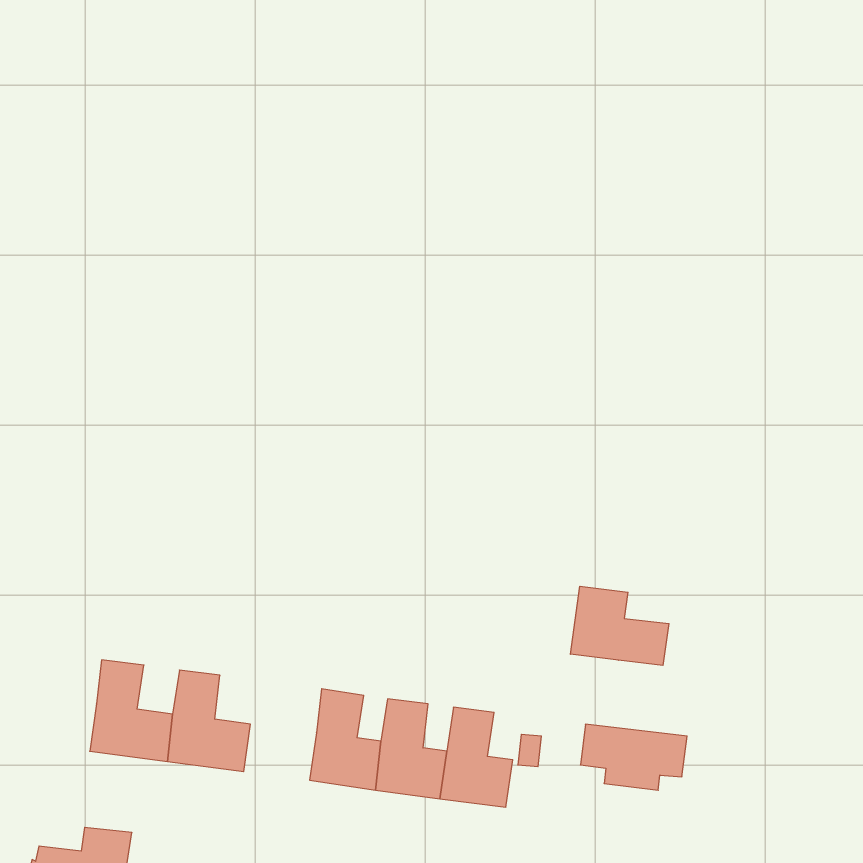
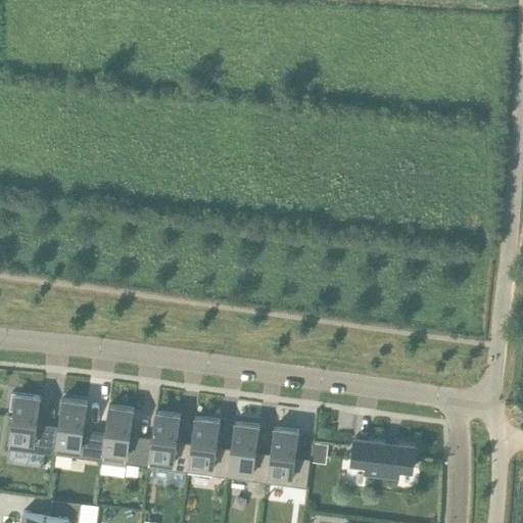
building: [570,586,669,665] -> none
building: none -> [7,393,58,456]
building: none -> [147,412,191,472]

